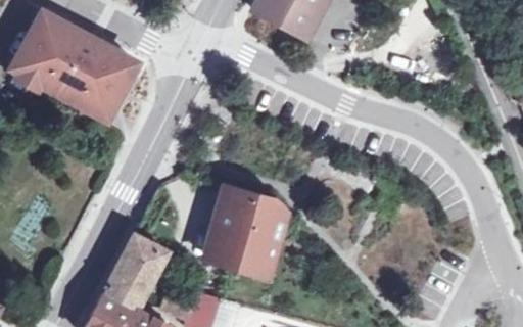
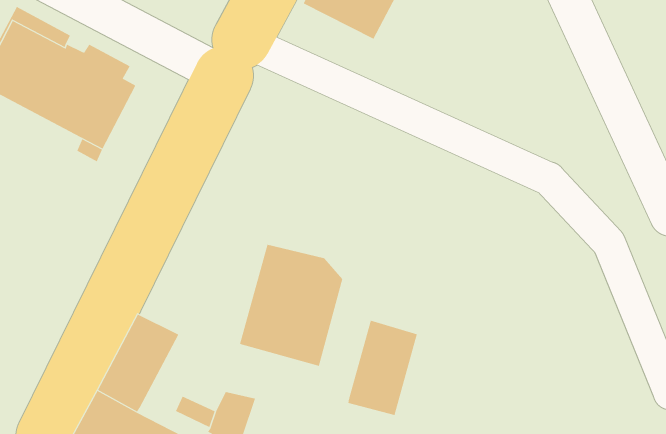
building: none -> [348,320,418,416]

